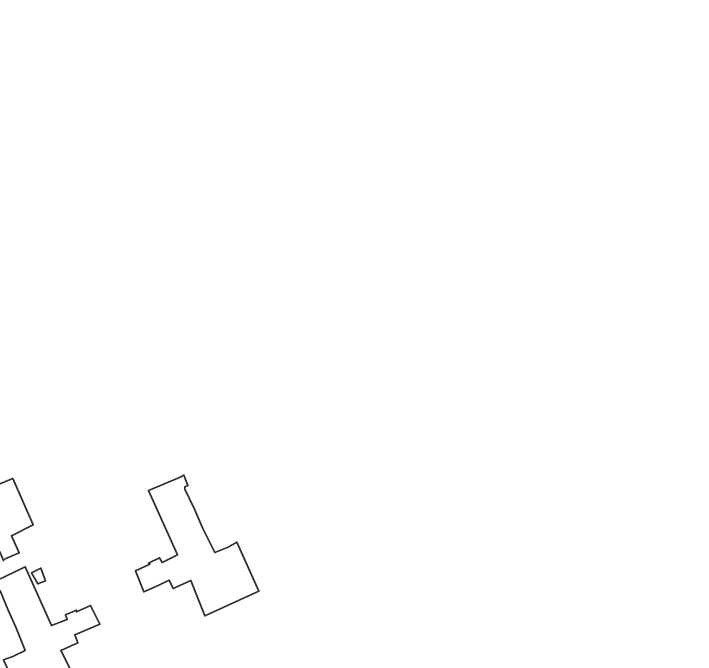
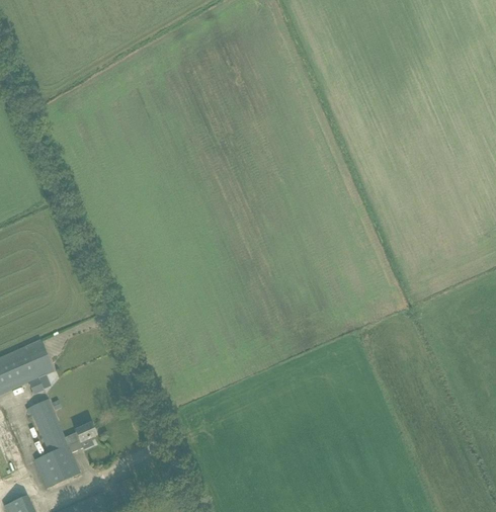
building: [135,475,259,616] -> none

